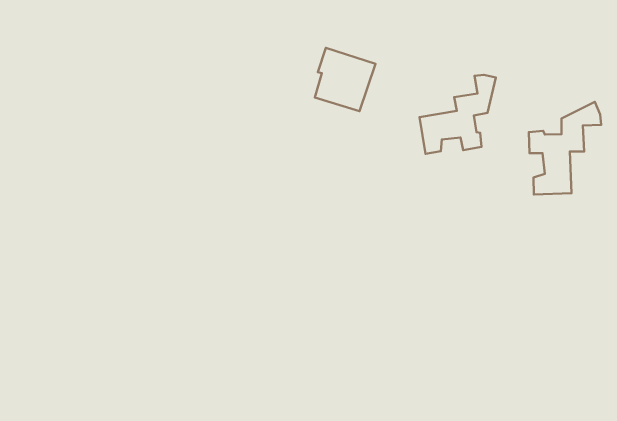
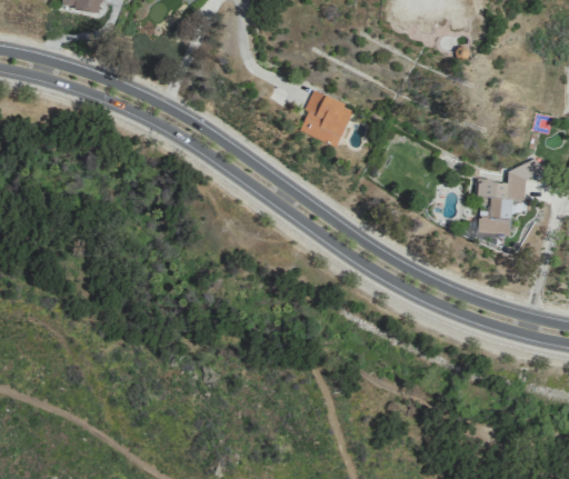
building: [420,75,496,154] -> none

